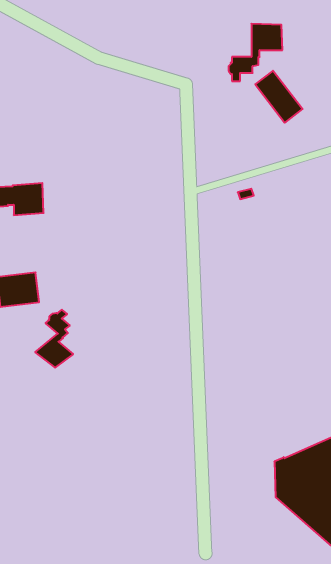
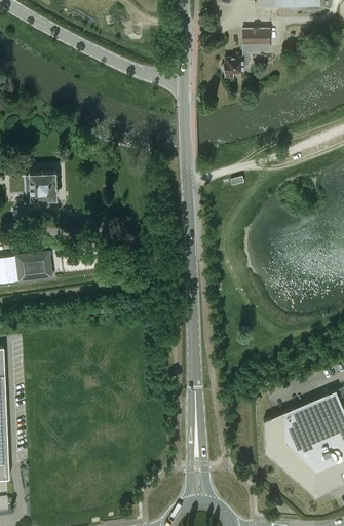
building: [255,71,303,123] -> none
building: [35,310,73,368] -> none

